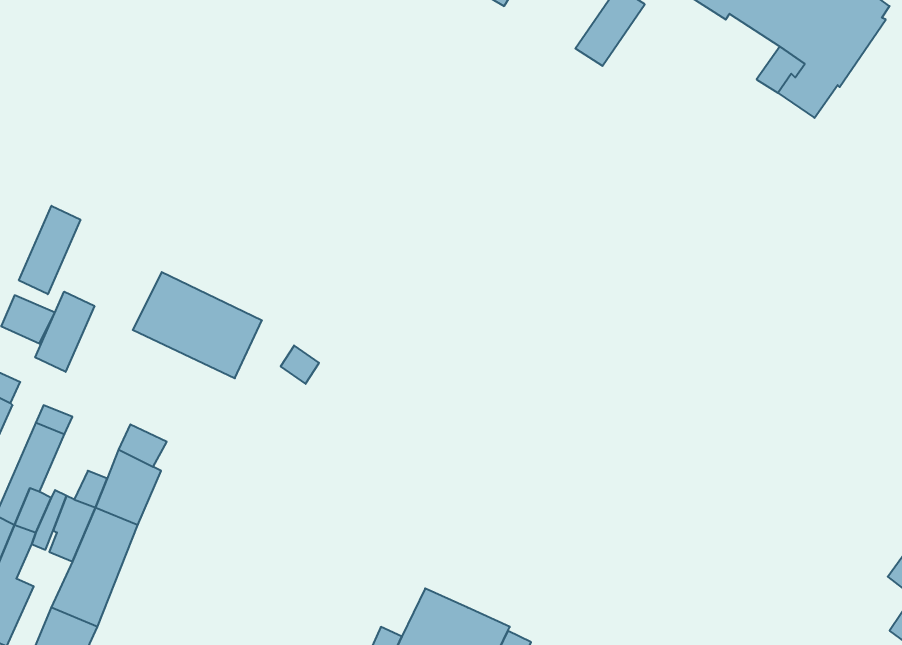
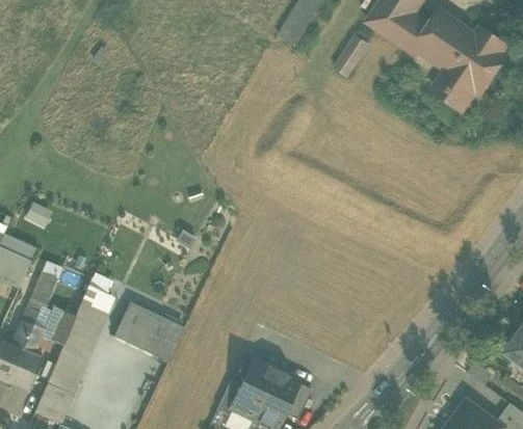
building: [19,206,80,294] -> none
building: [133,272,262,378] -> [112,303,182,360]
building: [35,292,94,372] -> none

